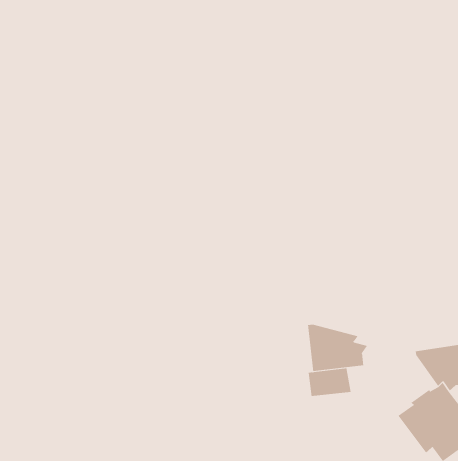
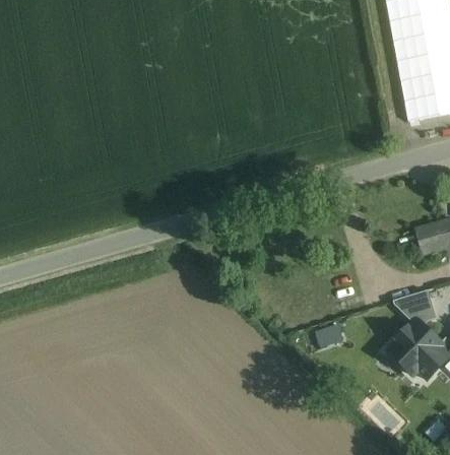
building: [307,324,368,372] -> none

